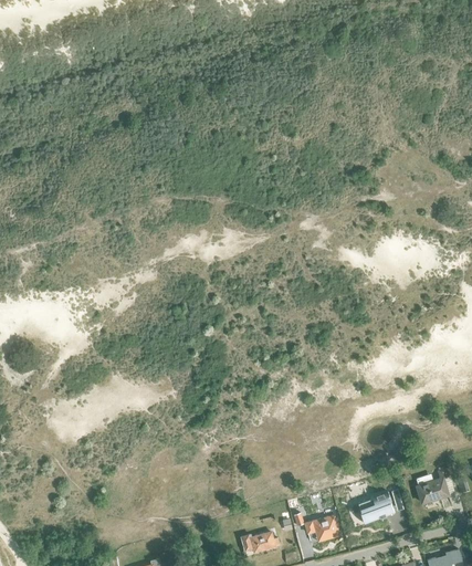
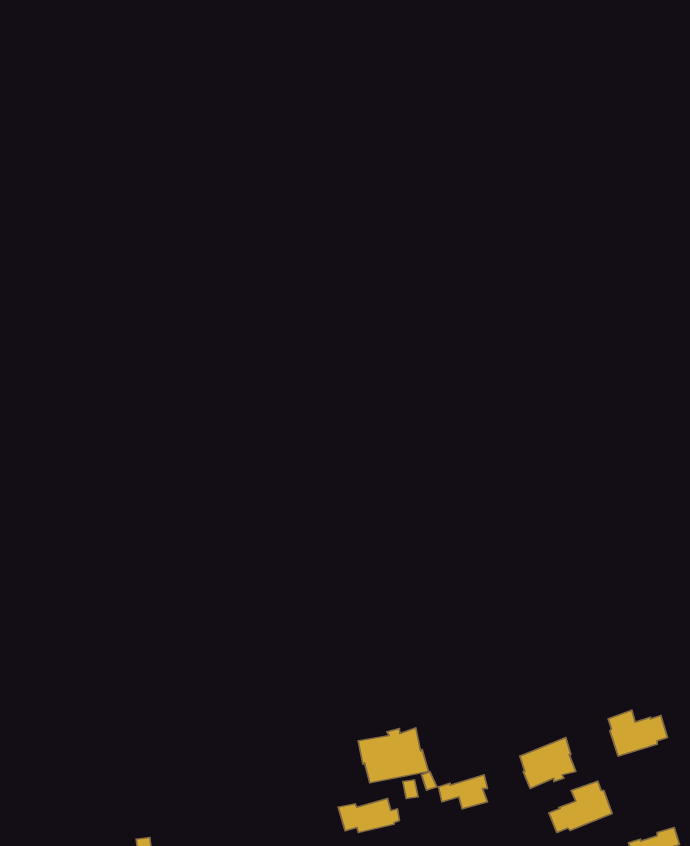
building: none -> [358,728,429,783]
building: none -> [549,781,612,833]

